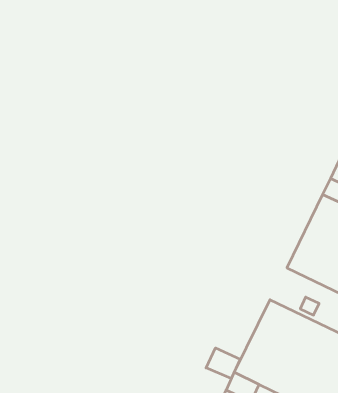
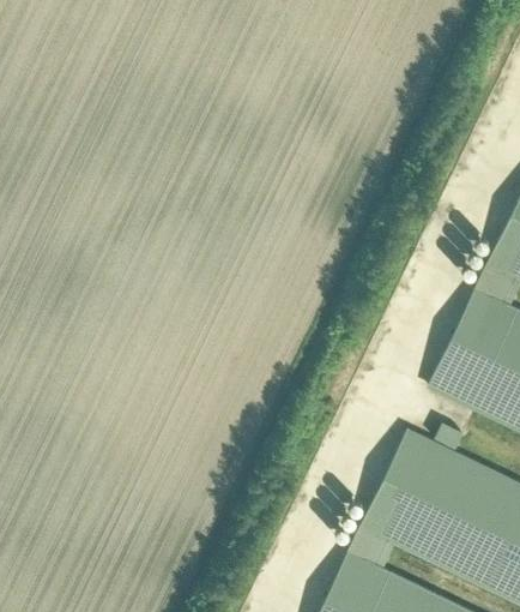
building: [206,348,240,379] -> none

